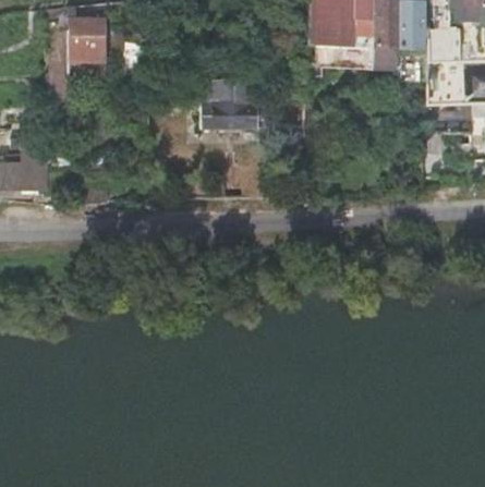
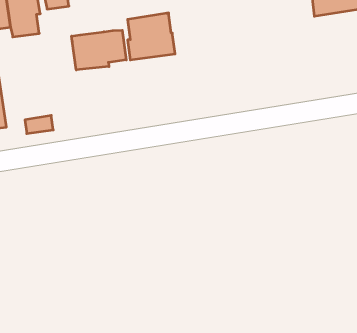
building: none -> [72,30,126,70]

